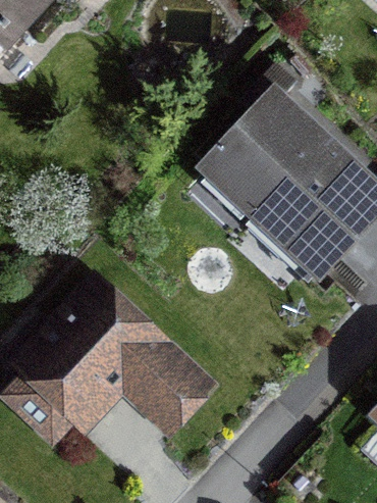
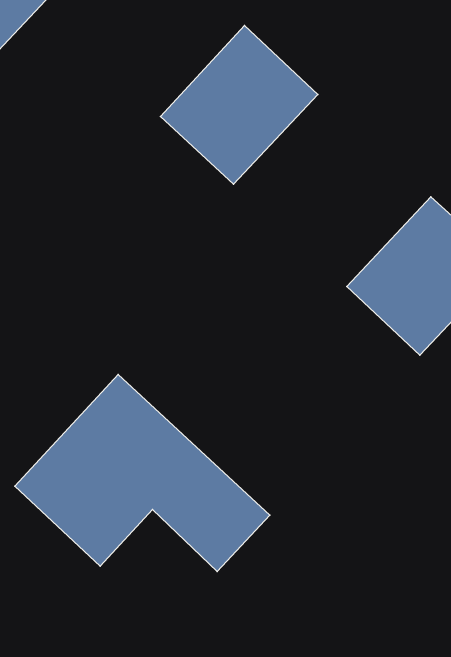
building: [211,103,327,220] -> [161,26,318,184]

